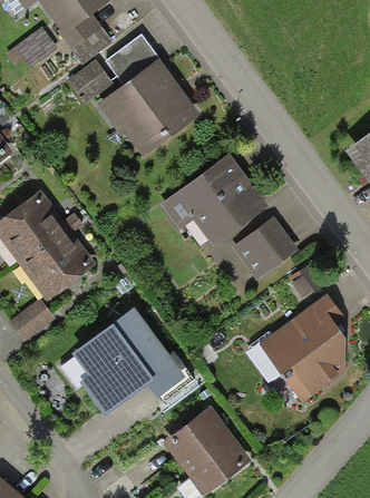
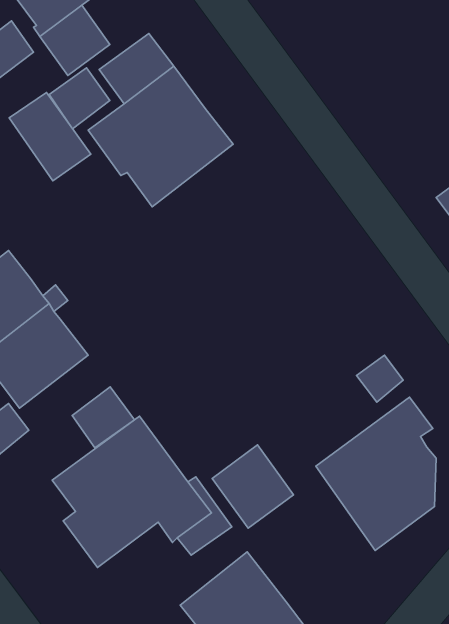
building: none -> [9,93,91,181]
building: [160,152,269,246] -> none
building: [232,216,299,281] -> none
building: none -> [72,387,134,448]
building: none -> [212,445,293,528]

